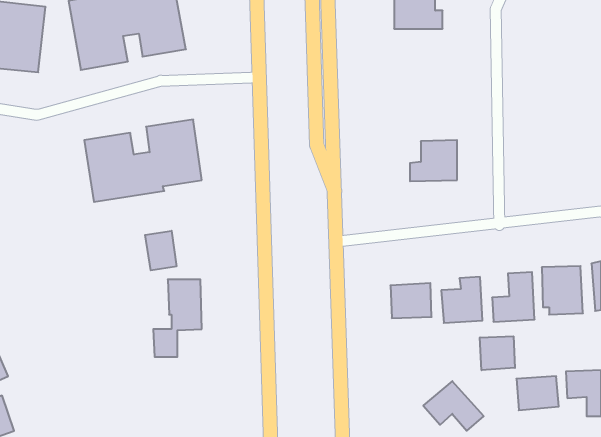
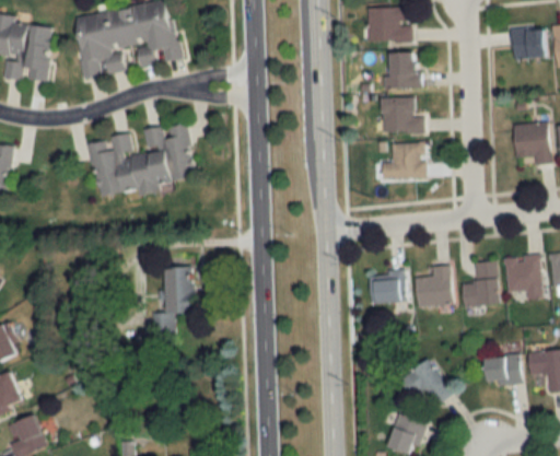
building: none -> [509,25,544,58]
building: none -> [384,51,422,87]
building: none -> [383,96,425,131]
building: none -> [510,121,549,163]
building: [145,231,176,270] -> none
building: [480,336,515,370] -> none

